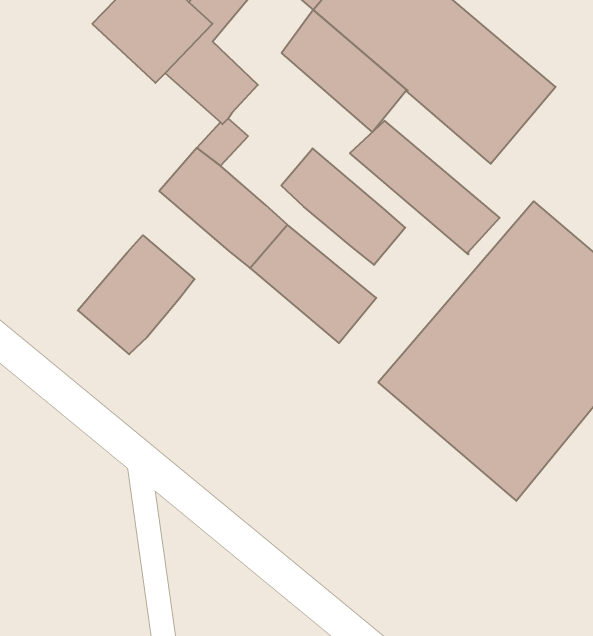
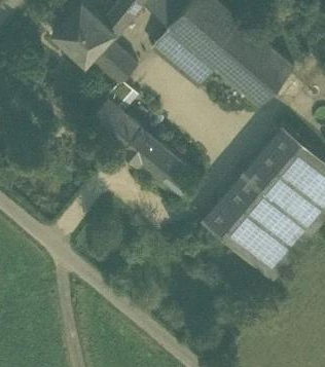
building: [350,121,500,254] -> none
building: [281,148,405,265] -> none
building: [78,235,195,354] -> none

